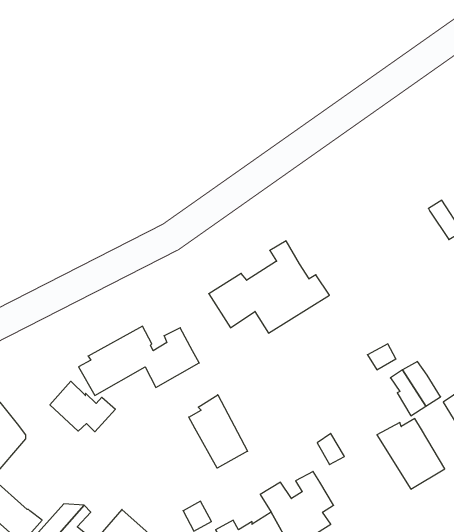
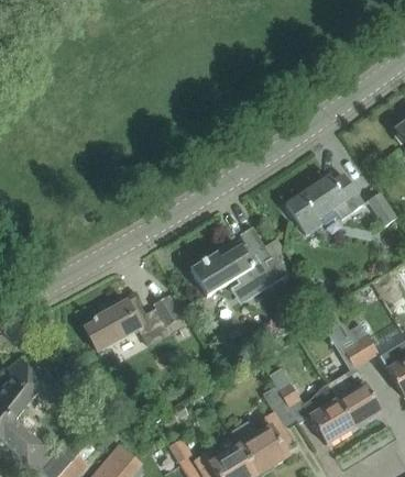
building: none -> [285,175,364,235]
building: [50,381,115,432] -> none
building: [189,395,248,468] -> none
building: none -> [302,384,353,444]

